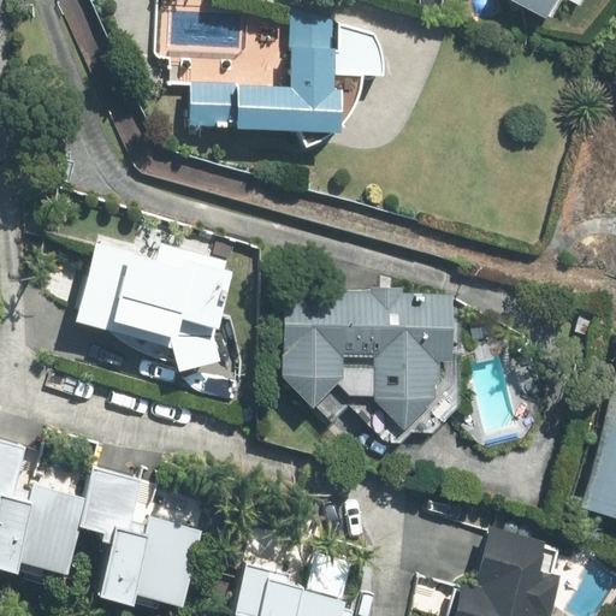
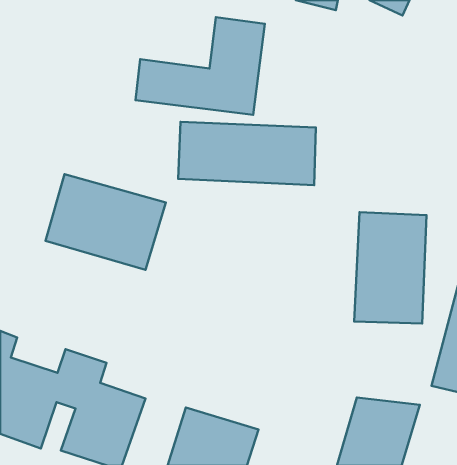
building: none -> [178,122,316,185]
building: none -> [354,212,426,324]
building: [284,291,466,434] -> none

